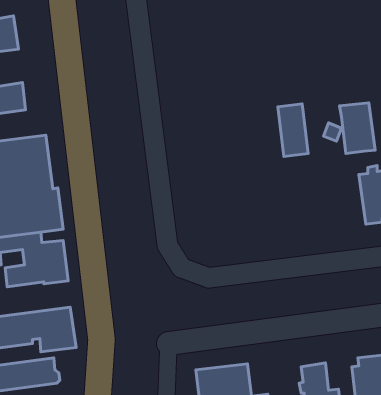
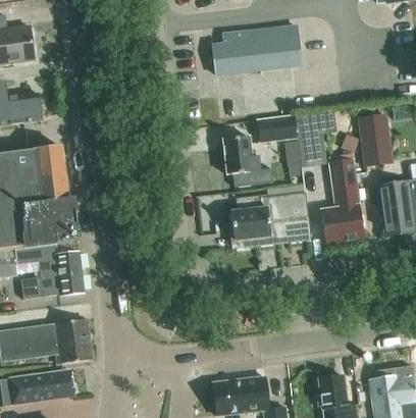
building: none -> [212,25,300,73]
building: none -> [257,114,296,141]
building: none -> [222,136,273,186]
building: none -> [320,158,364,243]
building: none -> [230,192,310,248]

